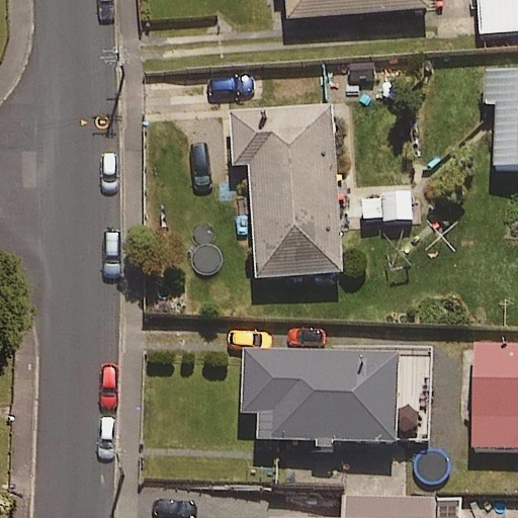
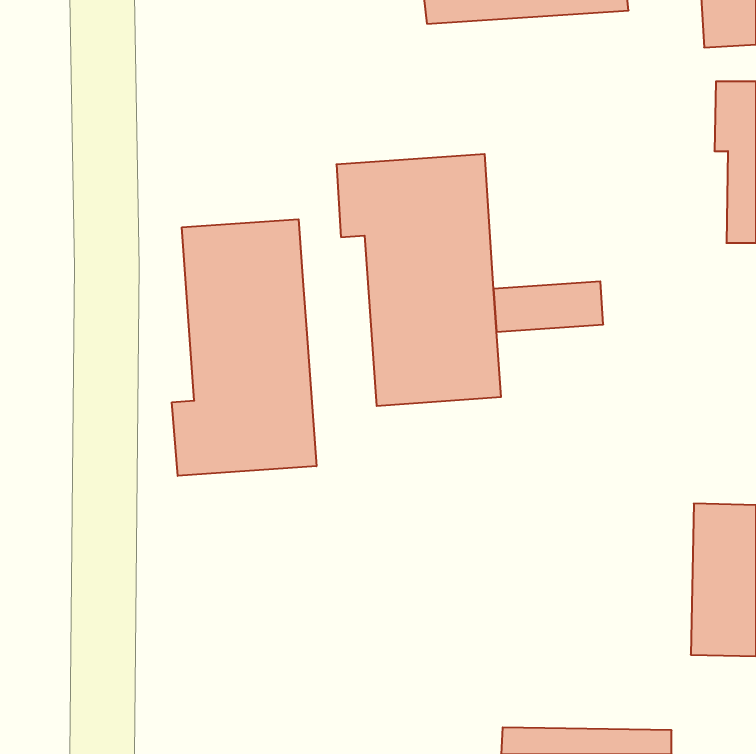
building: none -> [172,219,316,476]
building: [243,350,399,446] -> none

